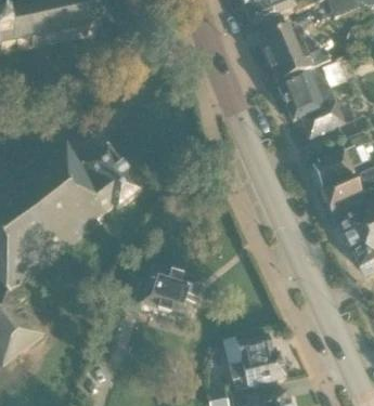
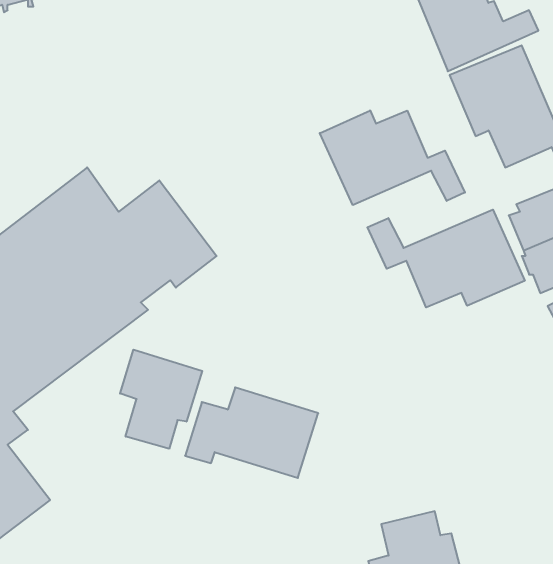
building: none -> [320,110,465,205]
building: none -> [367,210,525,307]
building: none -> [120,350,202,449]

